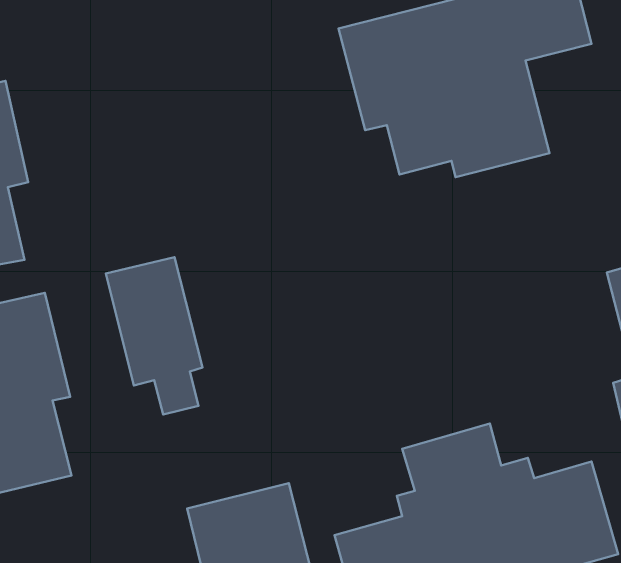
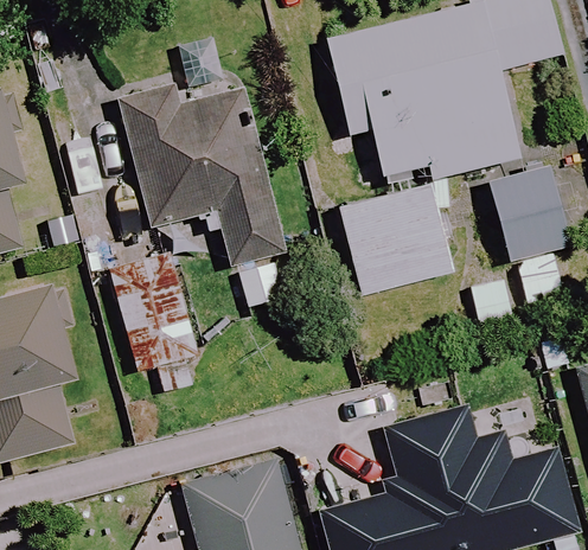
building: none -> [115,62,287,311]
building: none -> [487,166,575,262]
building: none -> [339,183,448,292]

